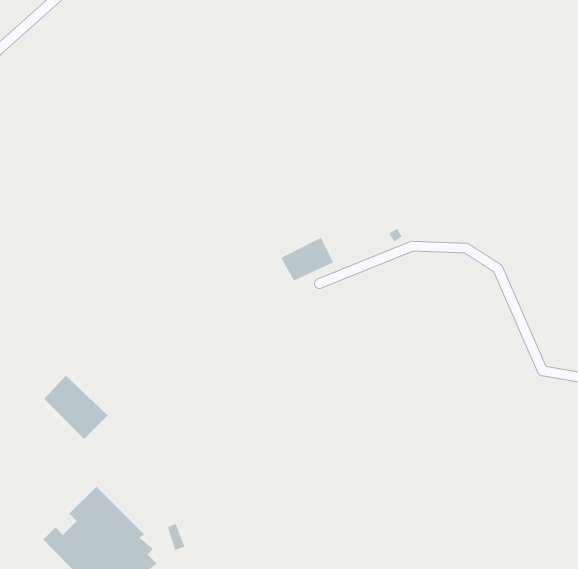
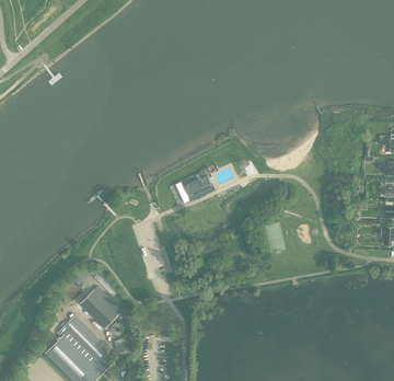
building: [43,375,108,440] -> [80,289,118,327]

